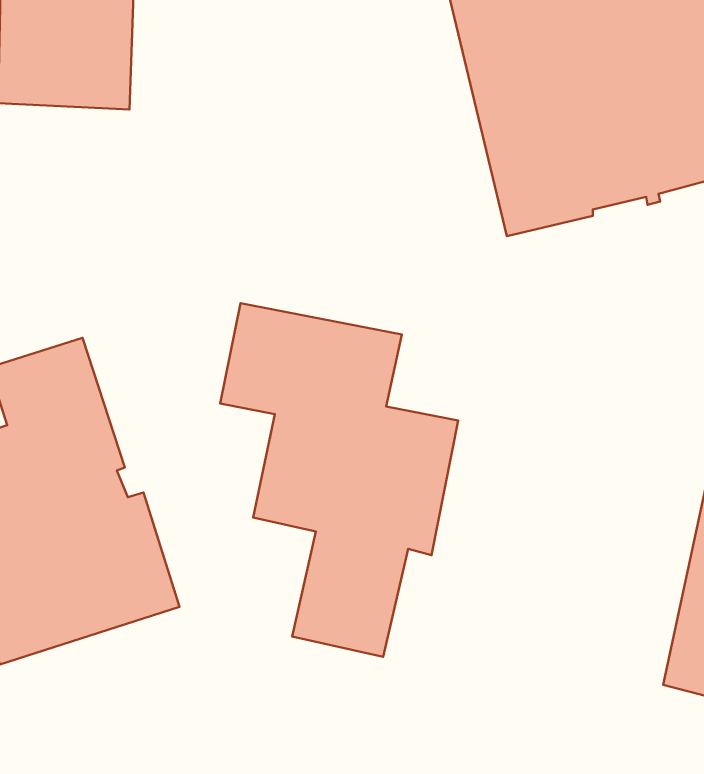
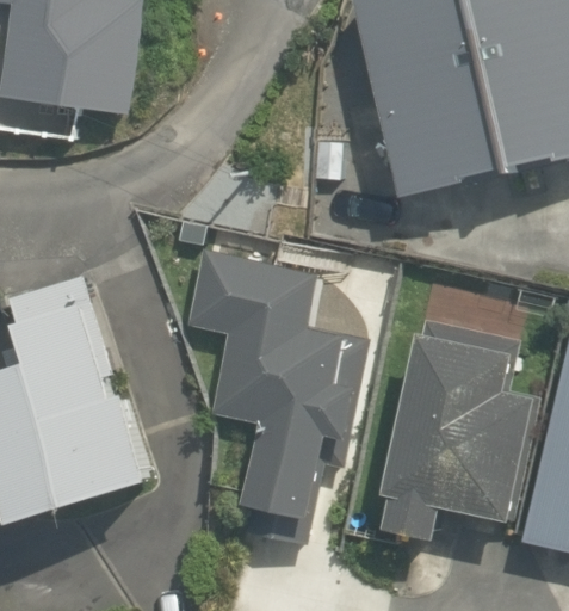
building: none -> [383,321,538,539]

